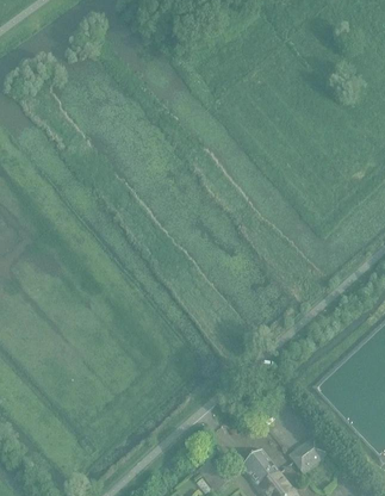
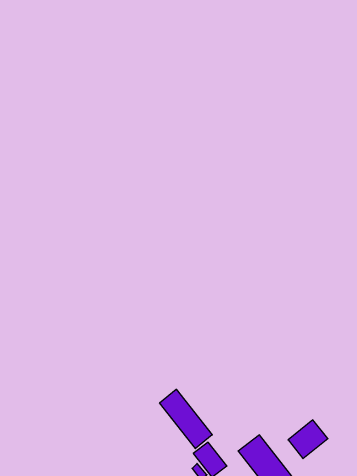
building: none -> [160,389,212,449]

